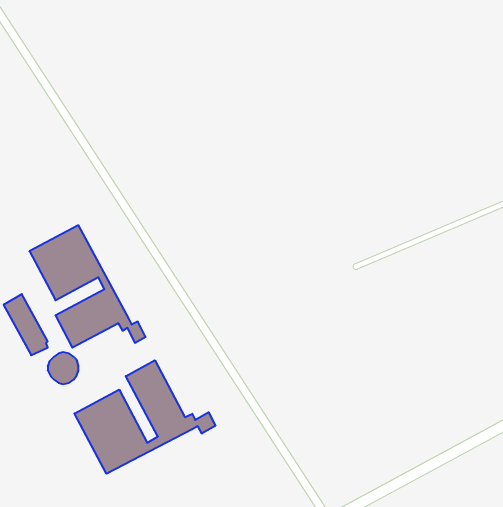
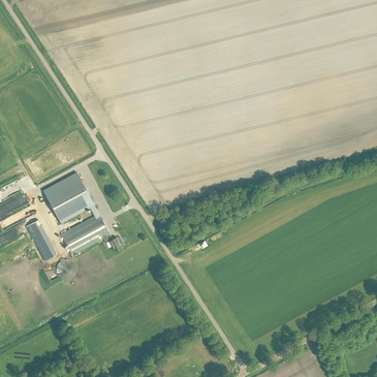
building: [74,360,215,474] -> none

